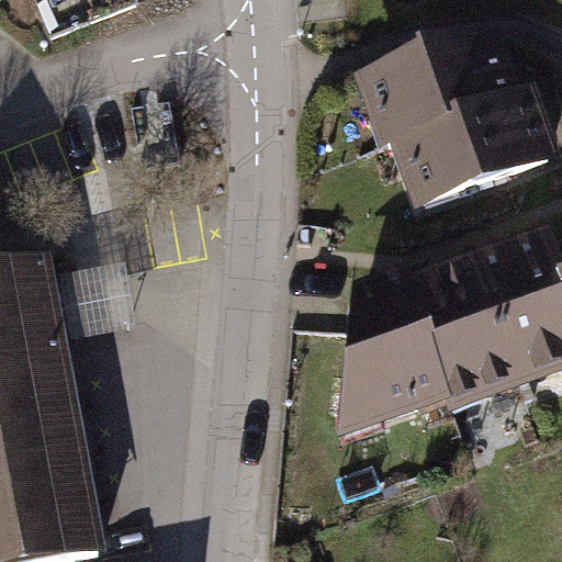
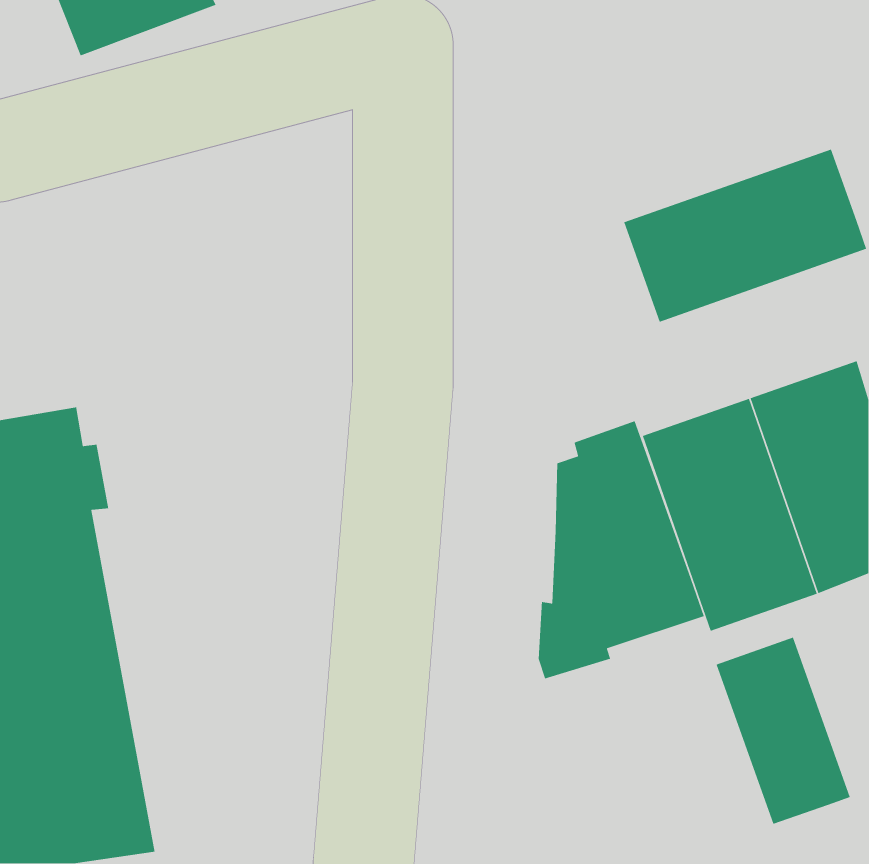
building: [366,48,522,147] -> none
building: none -> [716,636,851,825]

